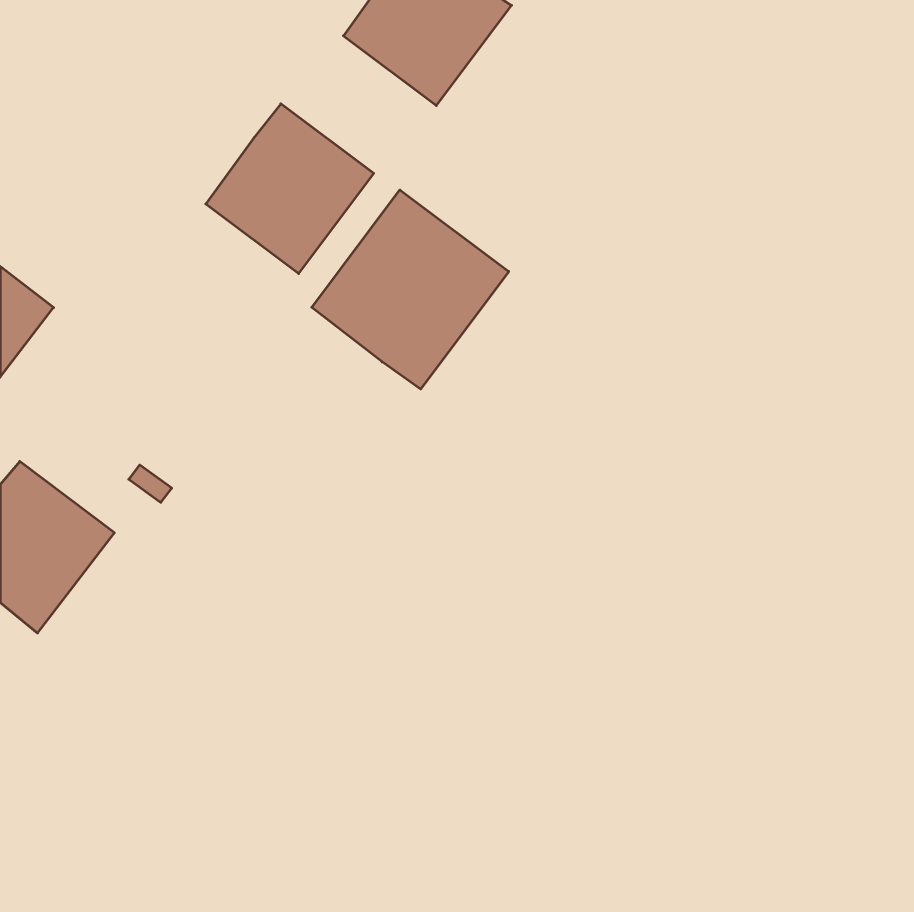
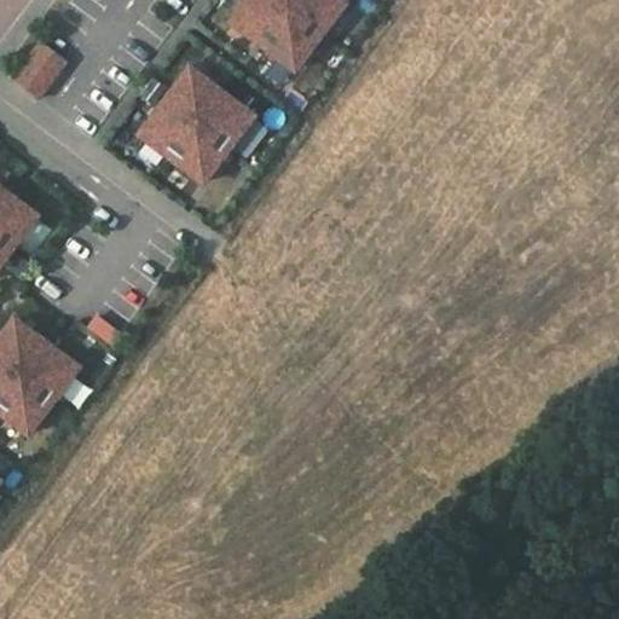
building: none -> [13,45,63,97]
building: [312,190,509,389] -> none

